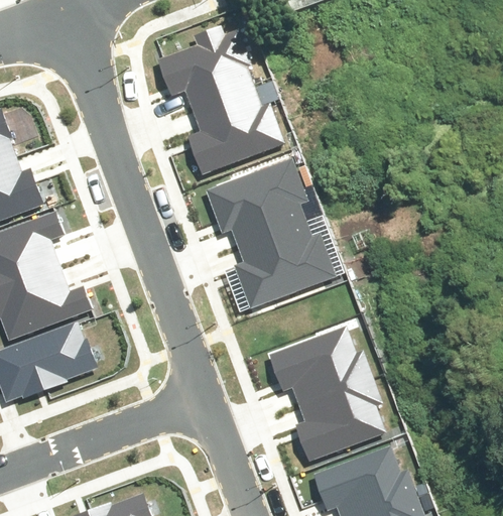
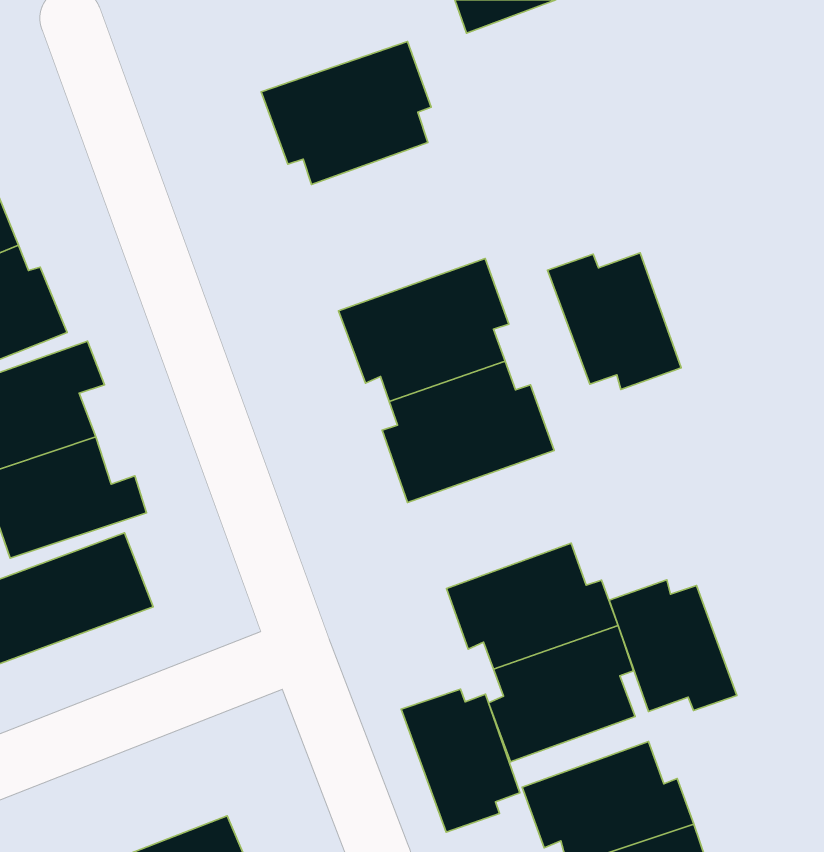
building: [185,90,288,175] -> none
building: none -> [548,253,681,389]
building: none -> [609,580,737,711]
building: none -> [401,689,520,832]

